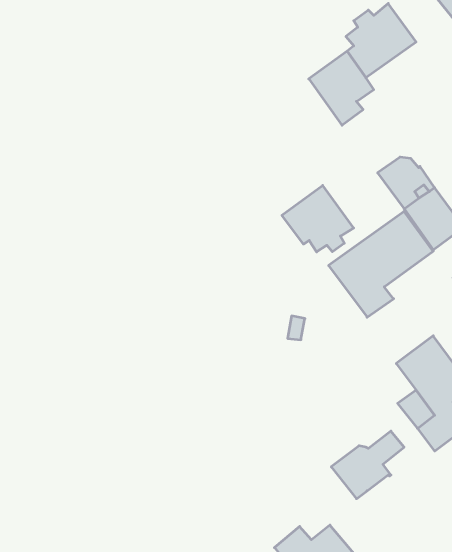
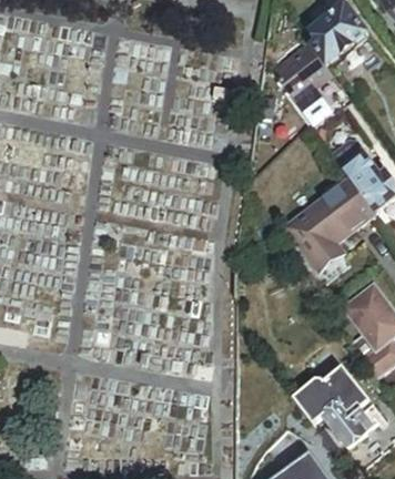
building: [282,185,354,252] -> none
building: none -> [321,375,375,445]

